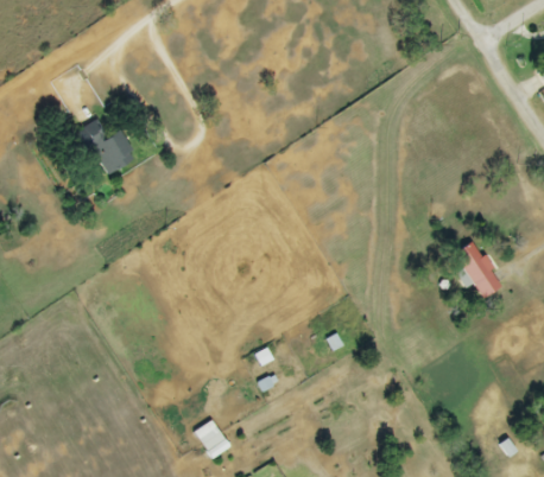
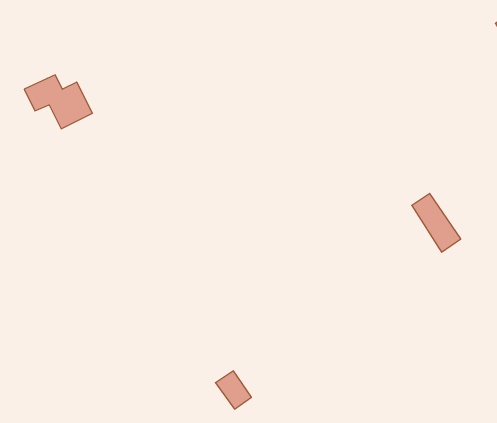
building: [194,420,229,458] -> [215,371,251,409]

